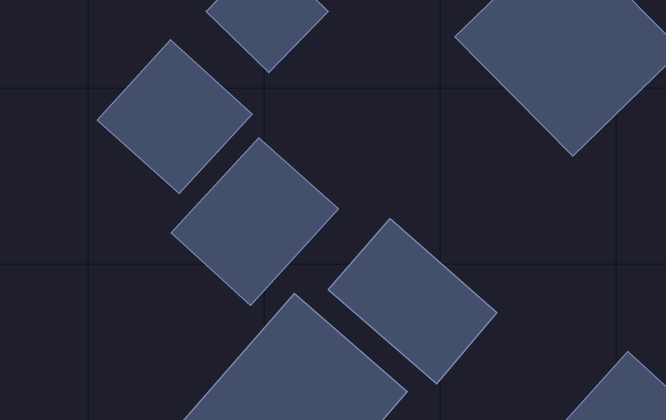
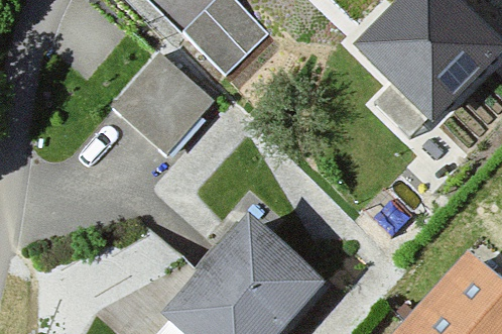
building: [171,138,338,305] -> none
building: [328,219,497,384] -> none

